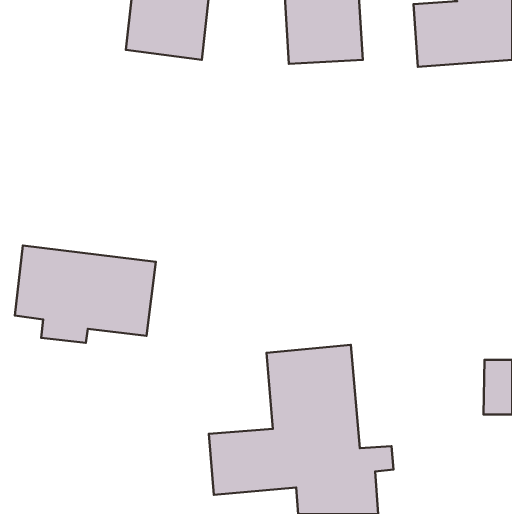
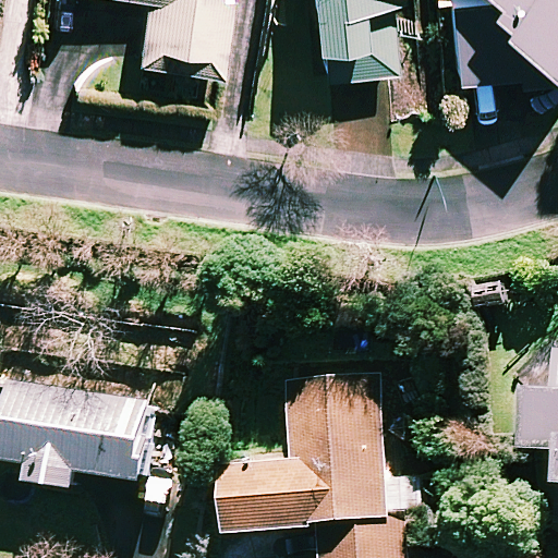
building: [15,246,156,343] -> [4,383,156,487]

